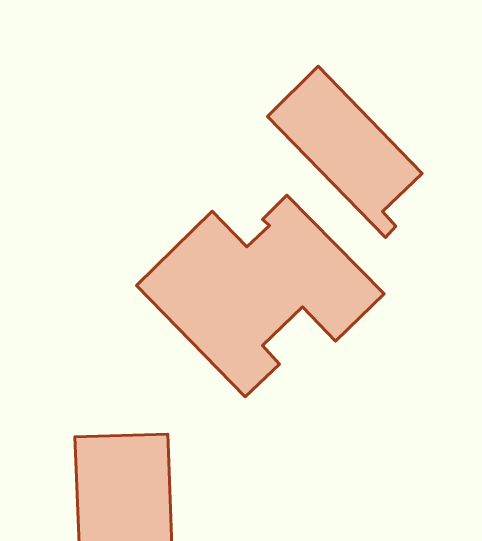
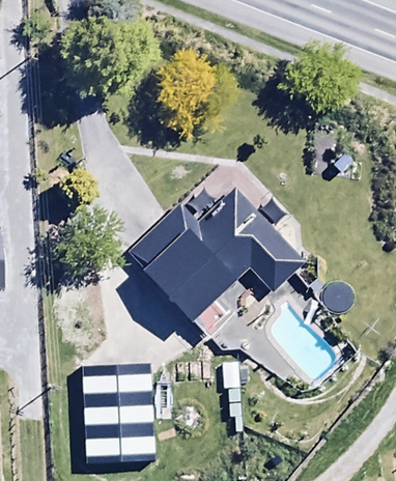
building: [267,66,422,237] -> none

